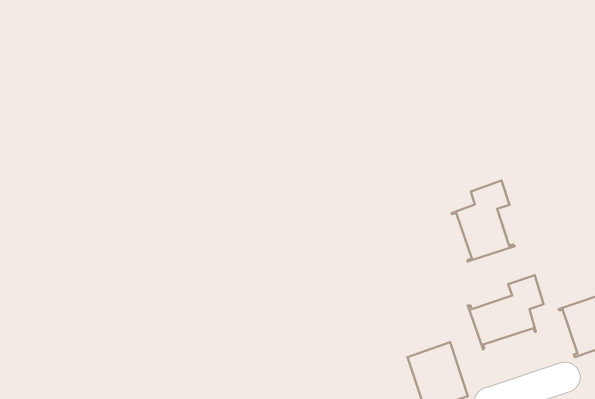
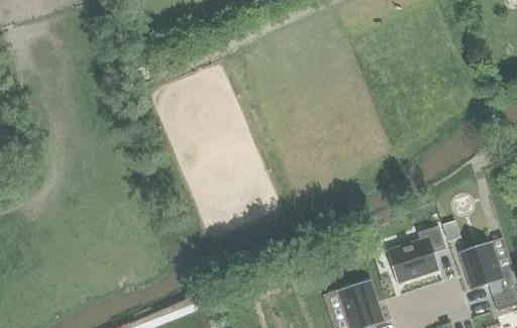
building: [451,181,515,262] -> none

